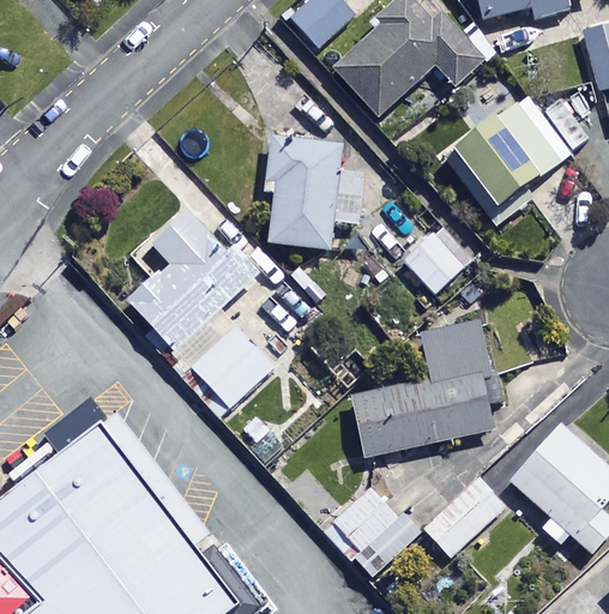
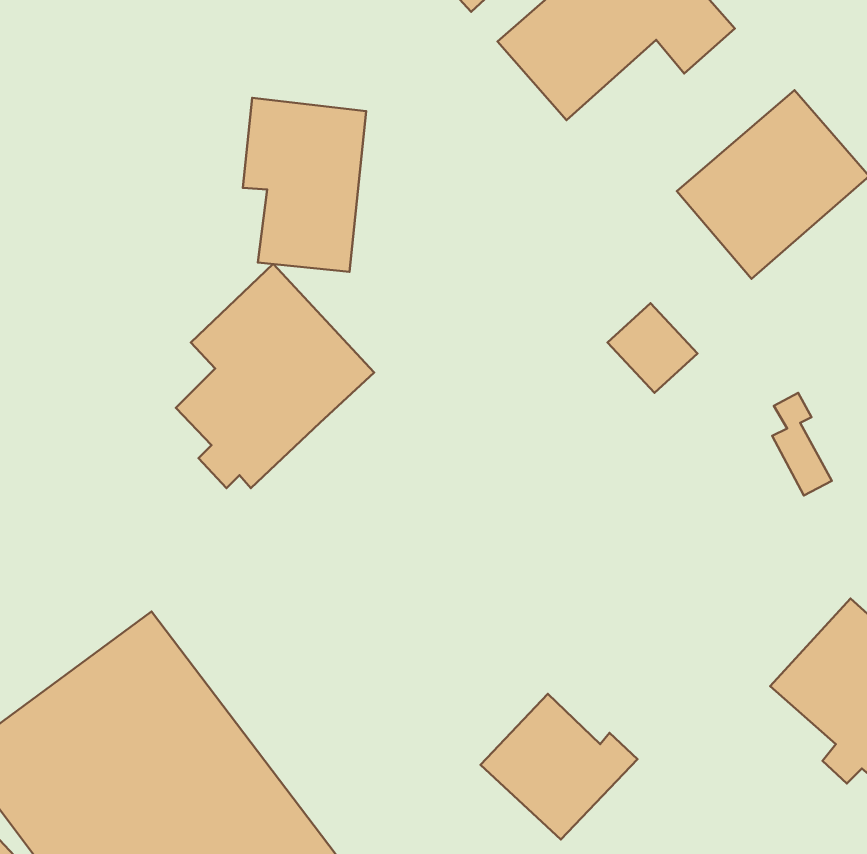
building: [260,138,339,249] -> [243,98,366,272]
building: [167,311,272,416] -> none
building: [352,320,501,457] -> none
building: [423,477,504,554] -> none

